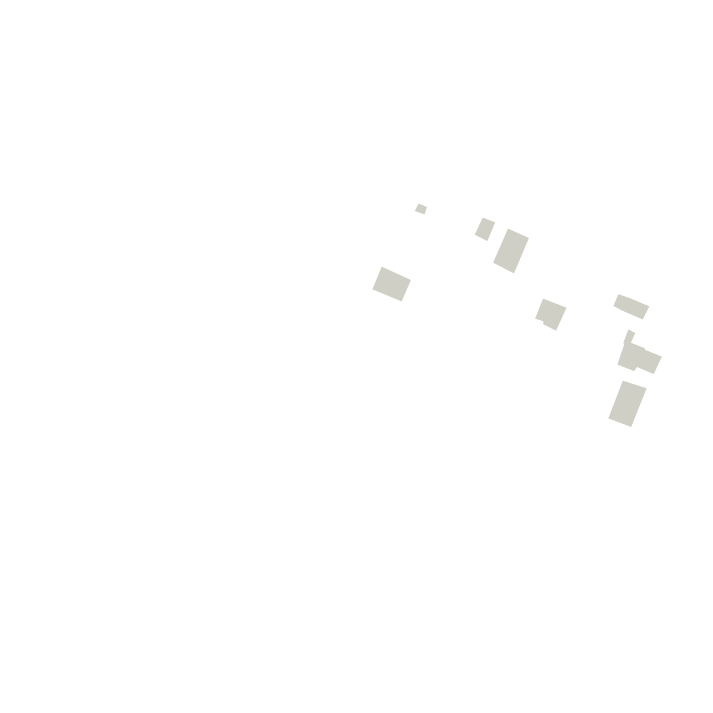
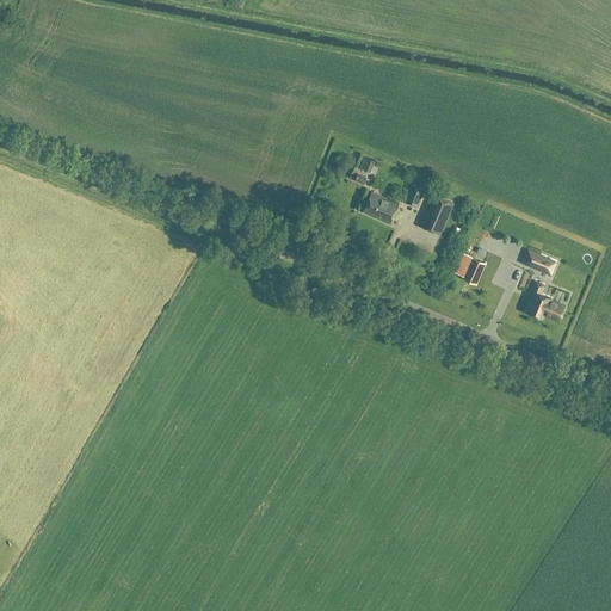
building: [371,266,412,302] -> [363,191,397,222]
building: [608,380,647,428] -> none

